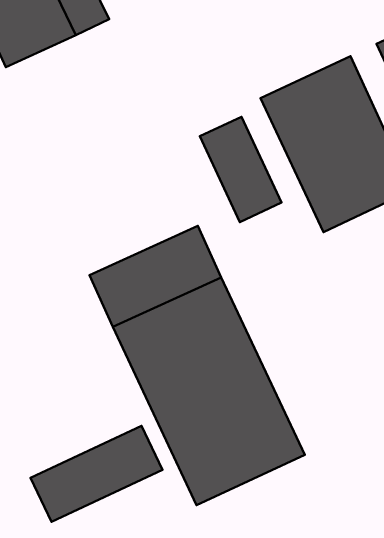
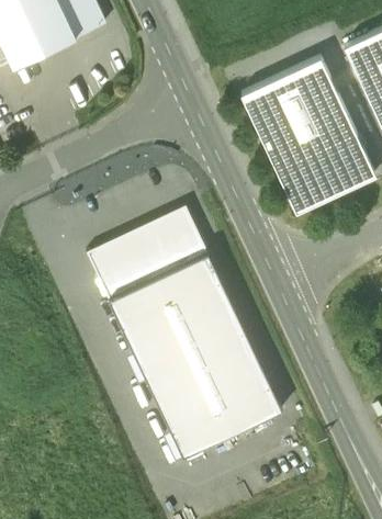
building: [200,117,282,222] -> none
building: [31,426,162,522] -> none

